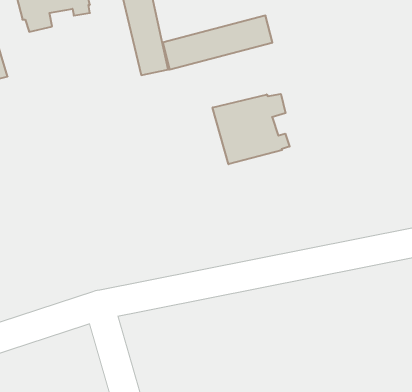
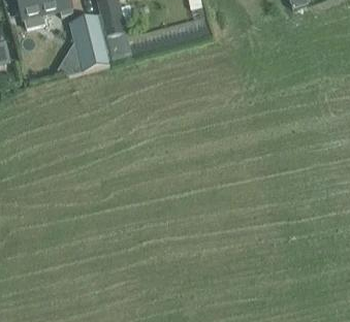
building: none -> [69,13,110,70]
building: [213,94,290,164] -> none

